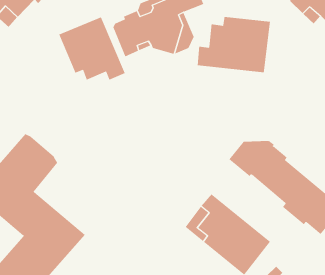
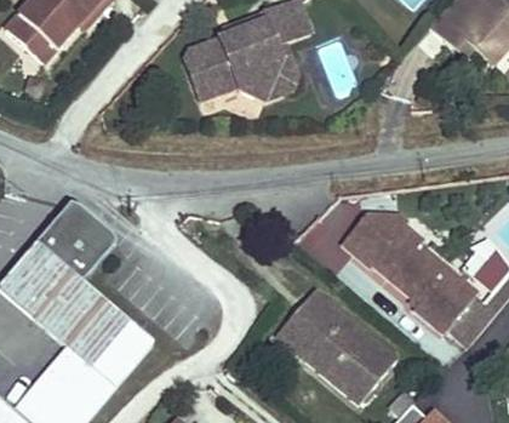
building: [197,16,271,73] -> none
building: [58,16,125,81] -> none

